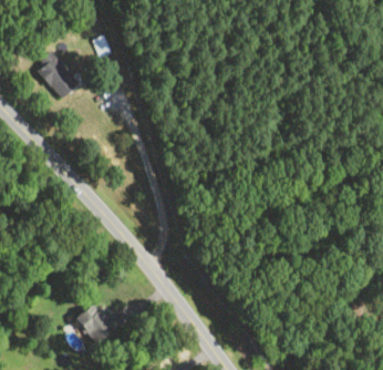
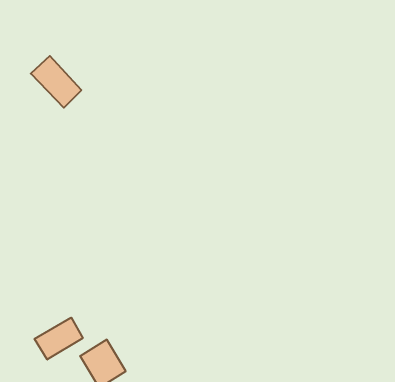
building: none -> [35,318,83,360]

